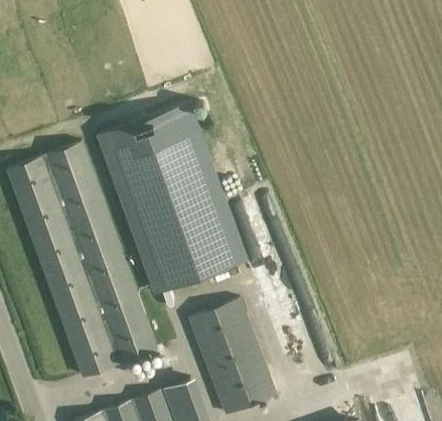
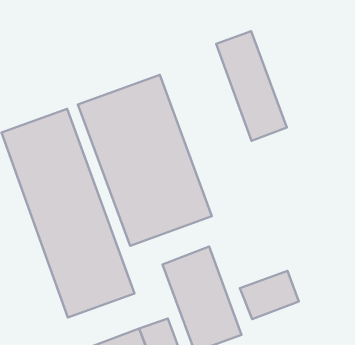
building: none -> [216,31,287,141]
building: none -> [240,271,299,319]

